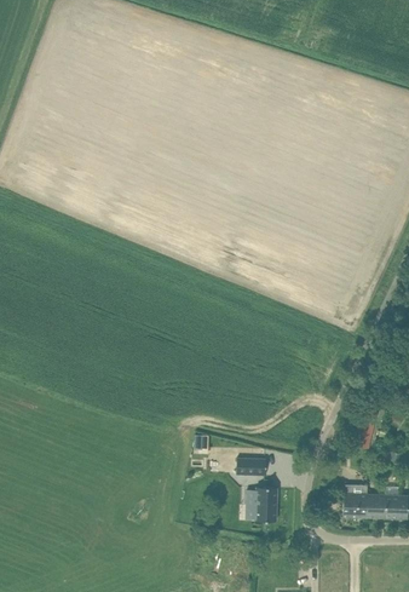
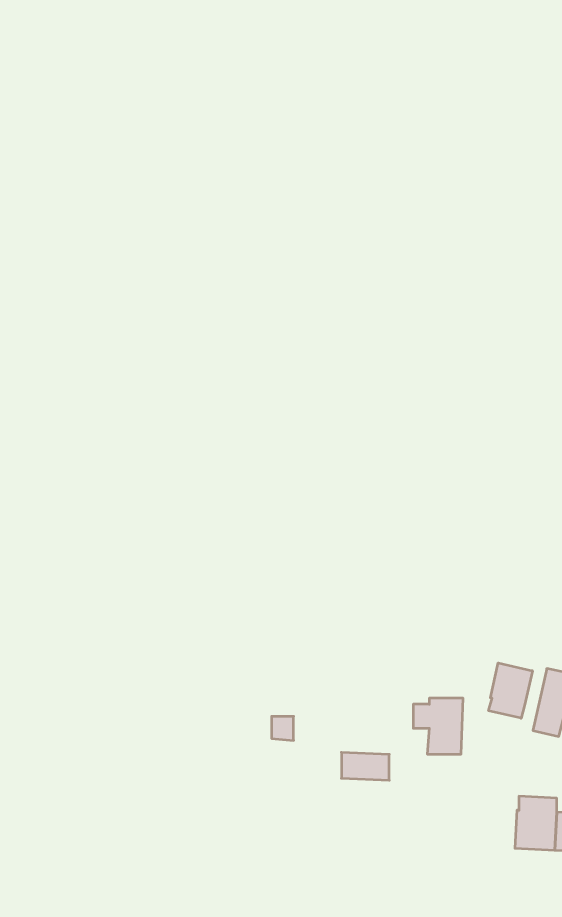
building: none -> [489,663,532,718]
building: [247,487,277,521] -> [413,698,463,754]

